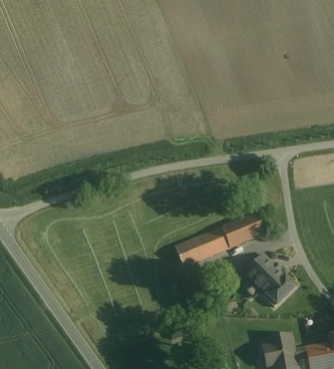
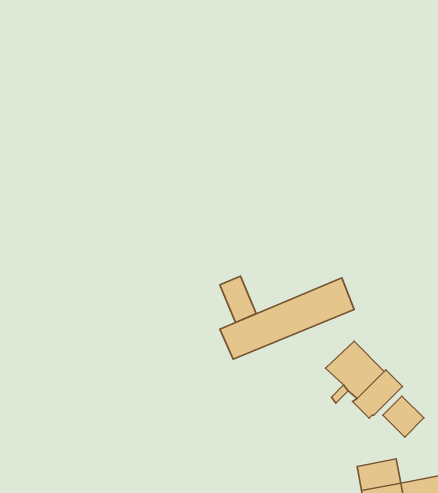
building: none -> [220,276,256,322]
building: none -> [383,396,424,437]

